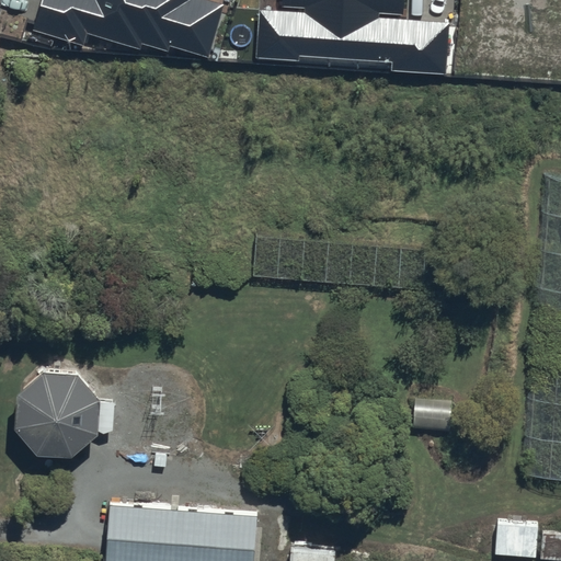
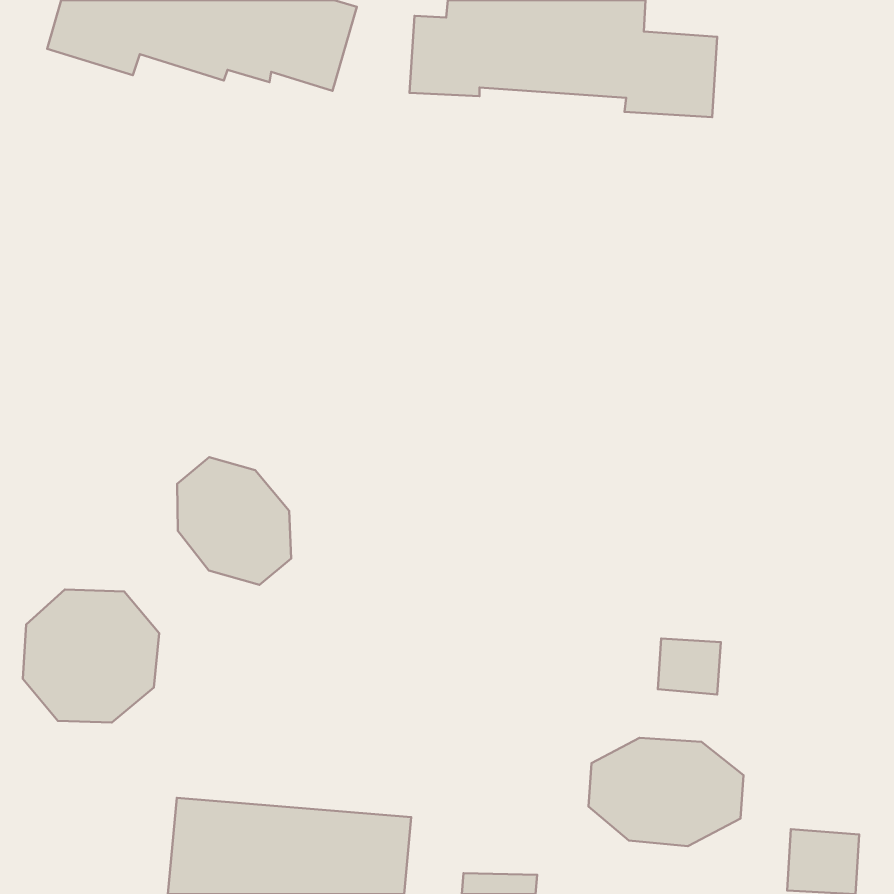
building: none -> [177,457,291,585]
building: none -> [589,738,743,846]

